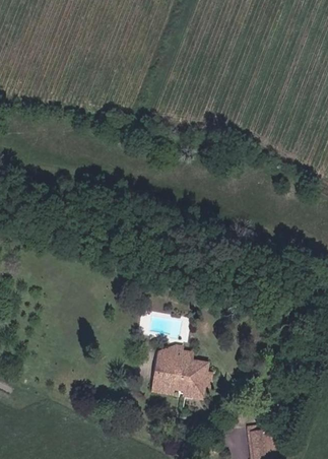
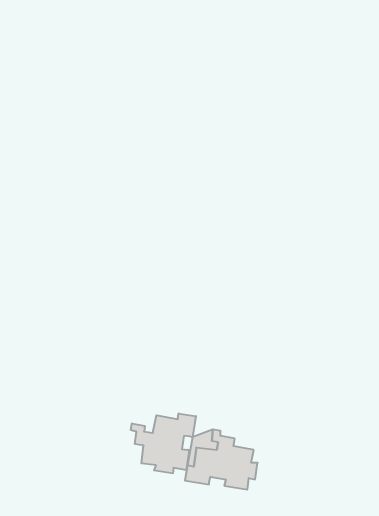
building: none -> [131,413,196,473]

